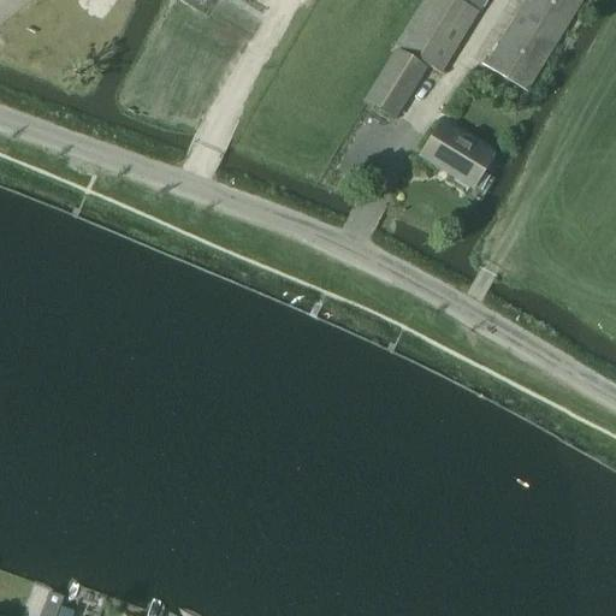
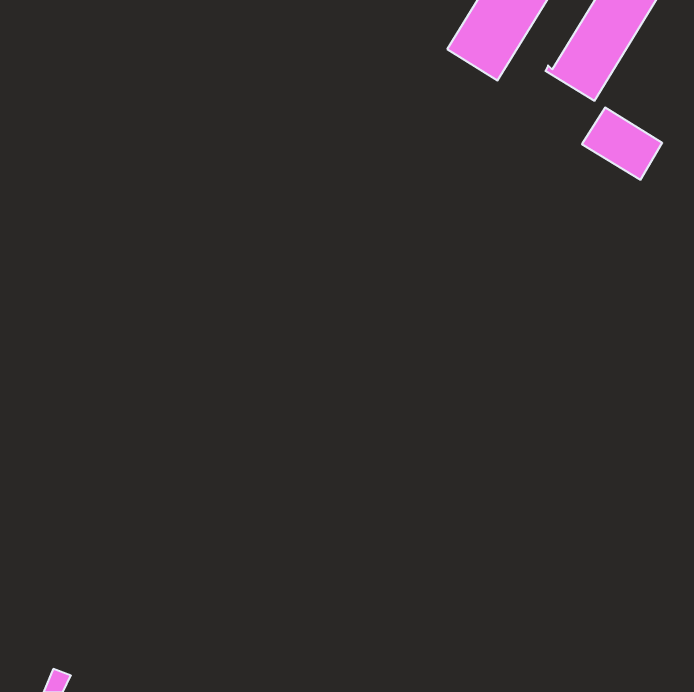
building: [367,49,426,116] -> none
building: [422,122,493,185] -> [582,108,662,180]

